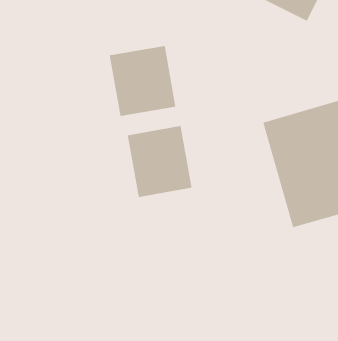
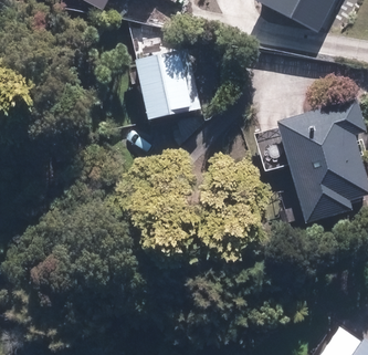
building: [127,125,192,198] -> none

